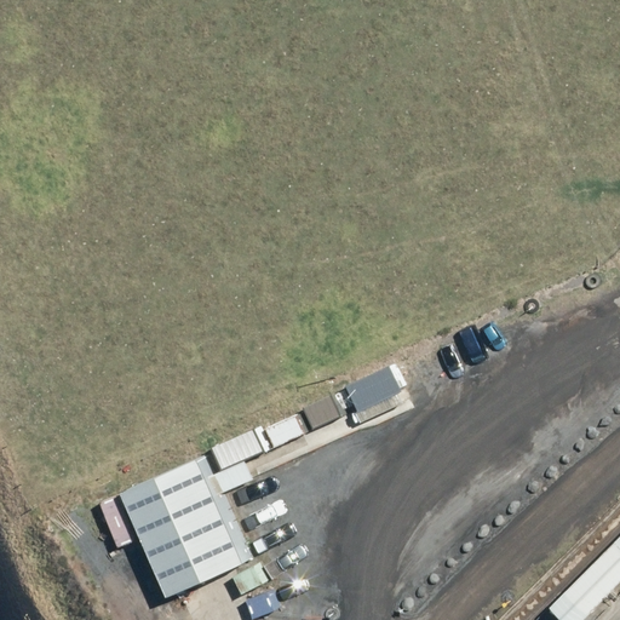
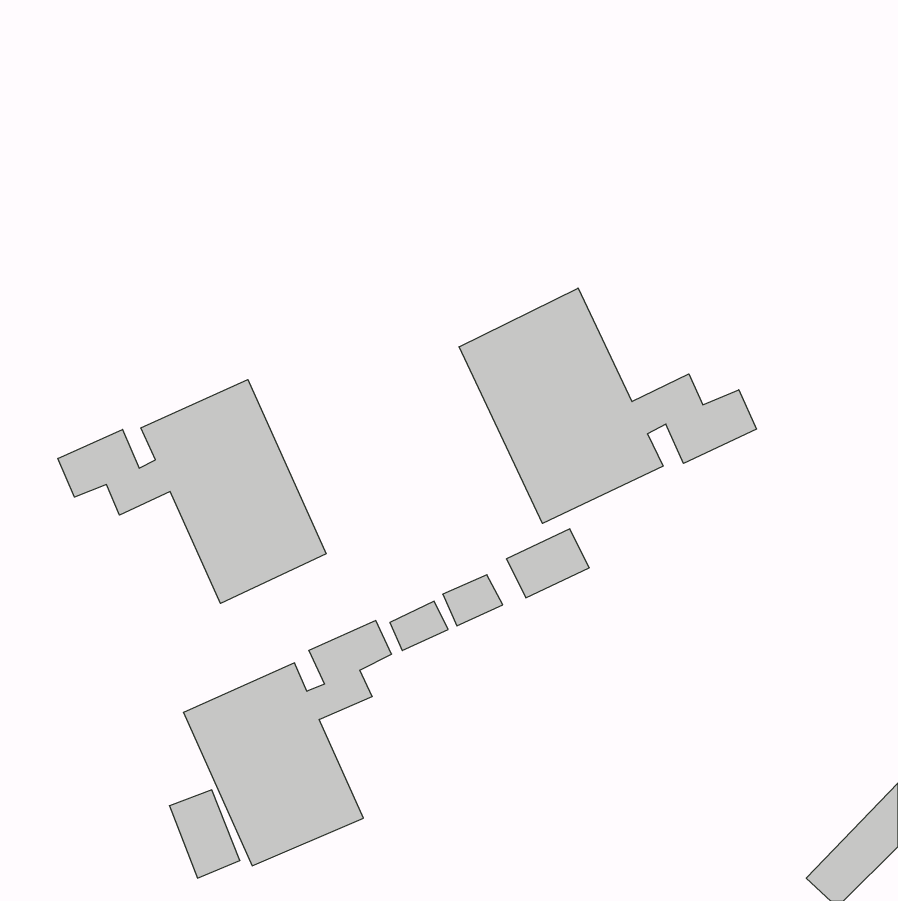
building: none -> [459,288,756,523]
building: none -> [58,380,326,603]

